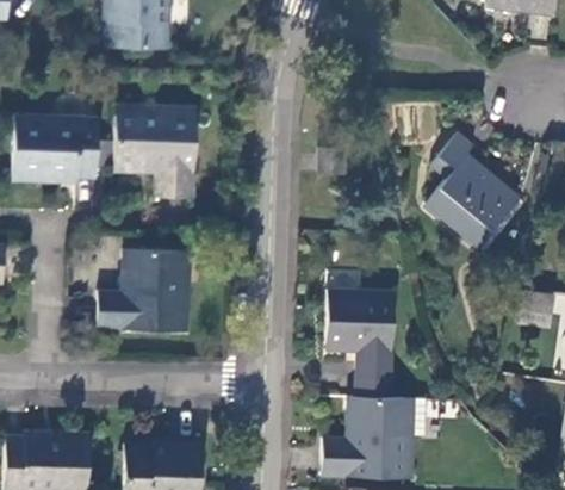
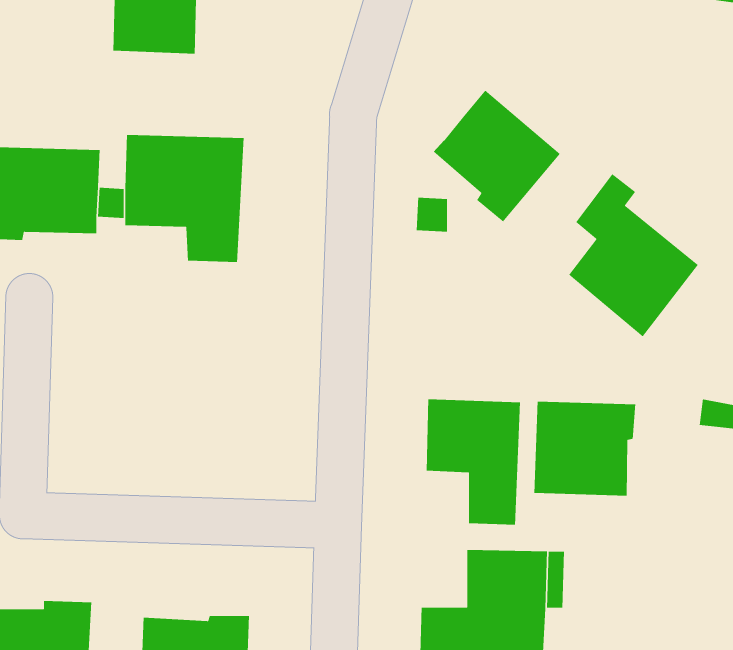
building: none -> [433,89,561,223]
building: [98,249,190,330] -> none
building: none -> [534,401,636,496]

